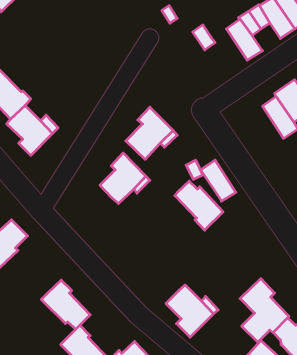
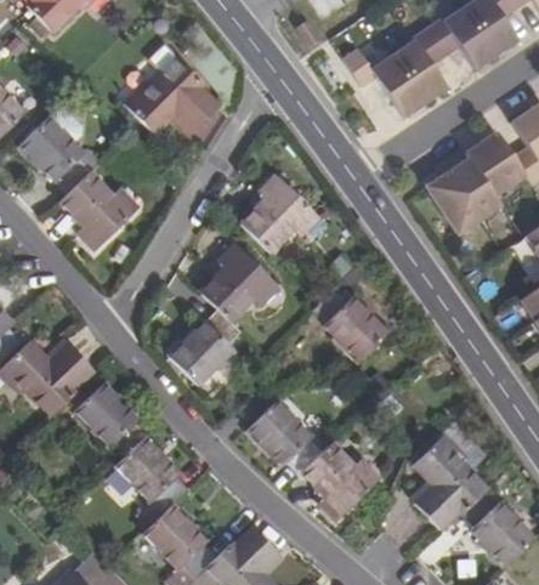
building: none -> [371,57,425,119]
building: none -> [127,59,223,134]
building: [201,160,236,201] -> [426,174,480,235]
building: none -> [168,311,240,385]
building: none -> [75,385,147,455]
building: none -> [250,401,322,473]

